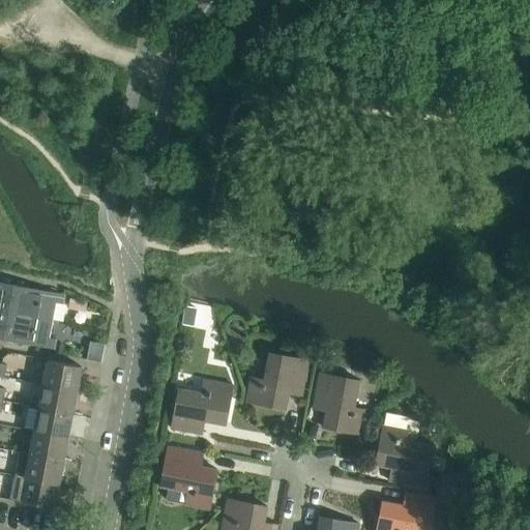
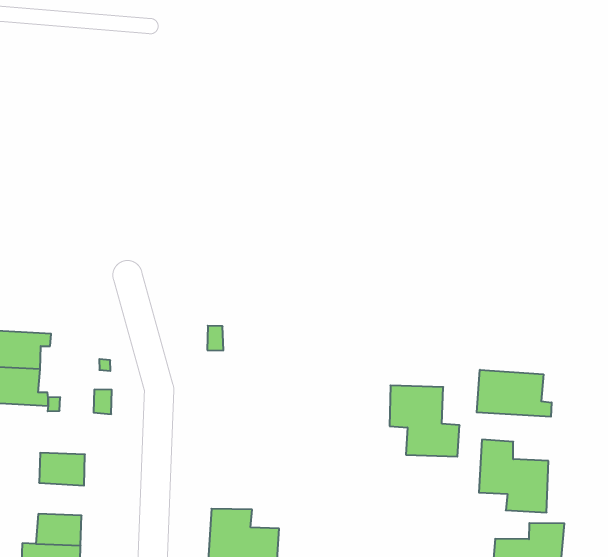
building: [245,353,308,410] -> none
building: [42,360,81,391] -> none
building: none -> [477,370,552,417]
building: [171,380,233,434] -> none
building: [34,408,72,438] -> none

